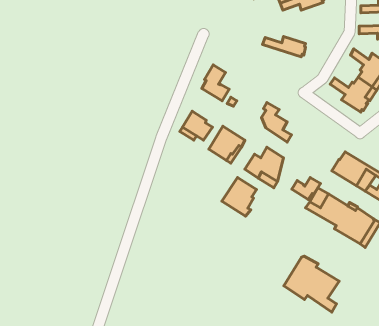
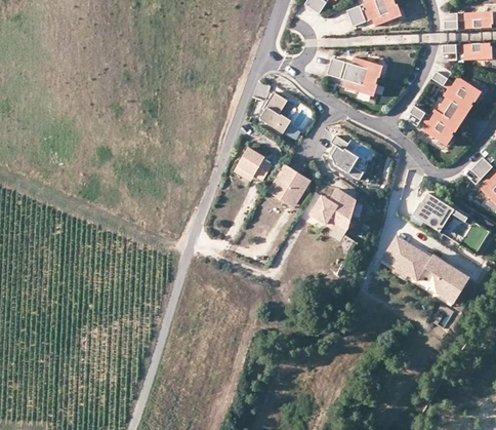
building: none -> [327,67,376,96]
building: [292,177,321,199] -> none
building: [222,178,257,216] -> none
building: [284,256,339,312] -> none

